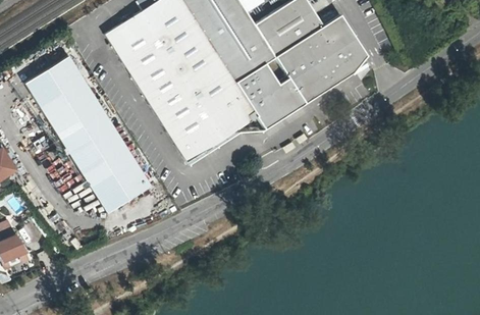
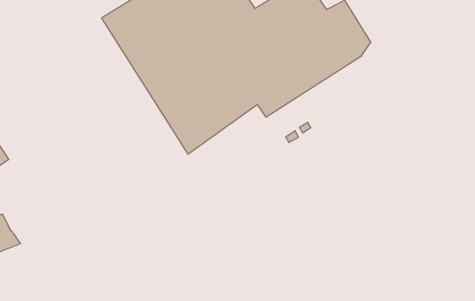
building: [24,56,151,212] -> none

